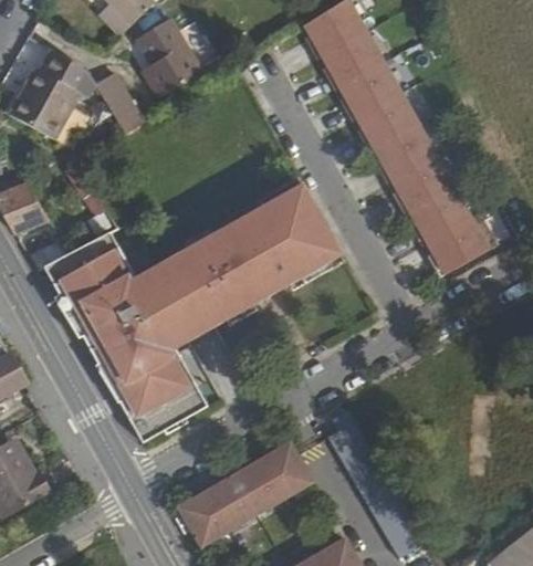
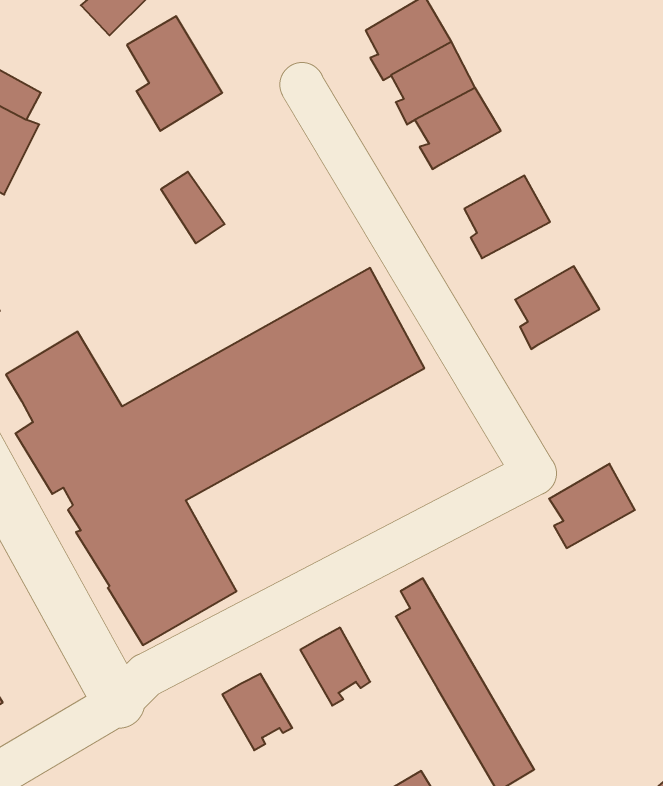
building: [94,70,138,119] -> [161,172,225,243]
building: [356,93,415,150] -> none
building: [390,156,449,212] -> none
building: [425,217,484,275] -> [549,464,635,548]
building: [231,453,281,507] -> none
building: [177,484,227,538] -> none

